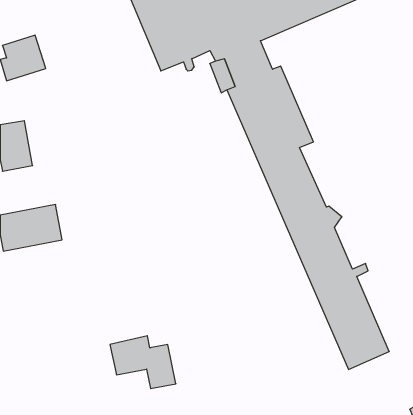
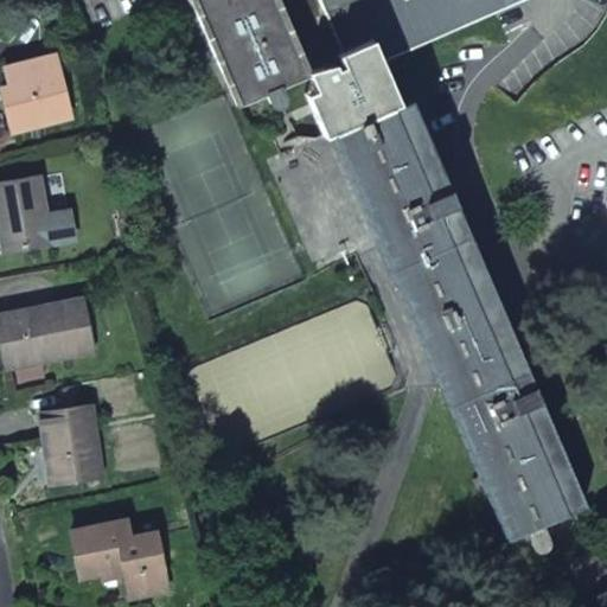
building: none -> [45,404,104,481]
building: [110,336,176,389] -> [75,518,171,595]

